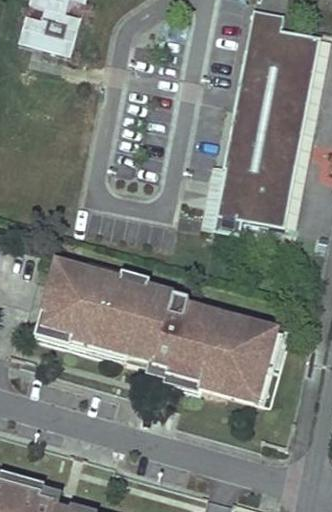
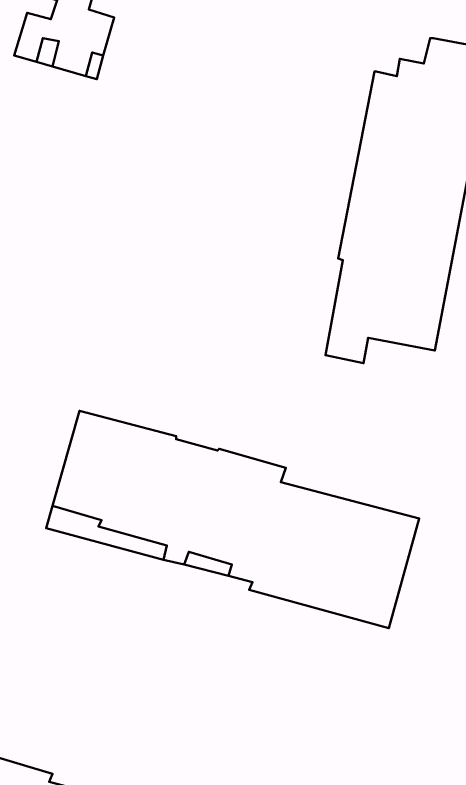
building: [247,8,285,51] -> none

